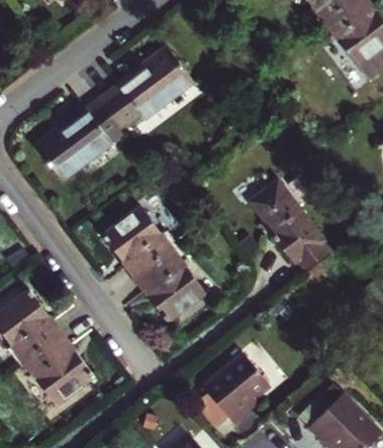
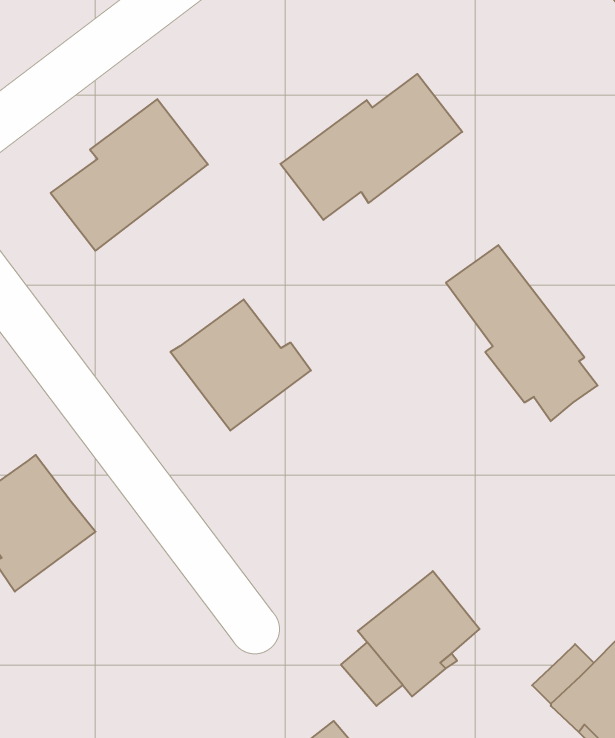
building: [96,51,194,130] -> [280,74,462,220]
building: [135,246,206,321] -> none
building: [19,333,94,405] -> none

